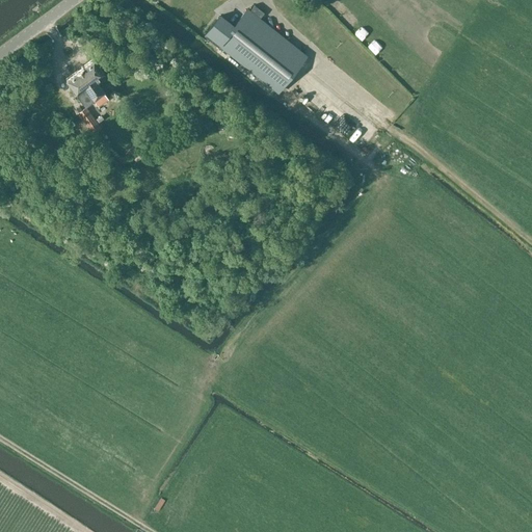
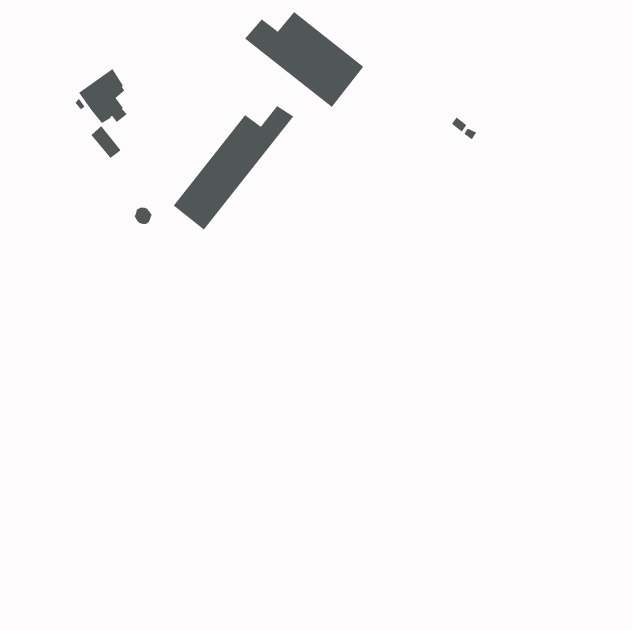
building: none -> [173,105,294,231]

